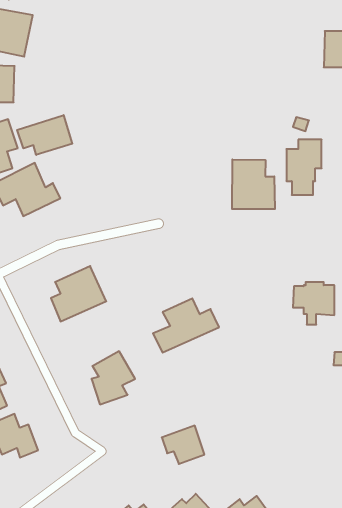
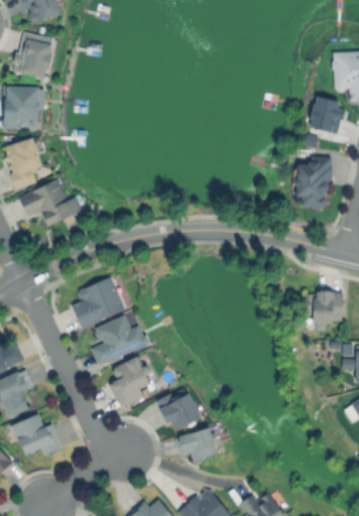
building: none -> [309,96,343,134]
building: [17,115,72,155] -> none
building: [232,159,275,209] -> none
building: [153,298,219,353] -> [89,315,151,367]
building: none -> [154,393,204,432]

